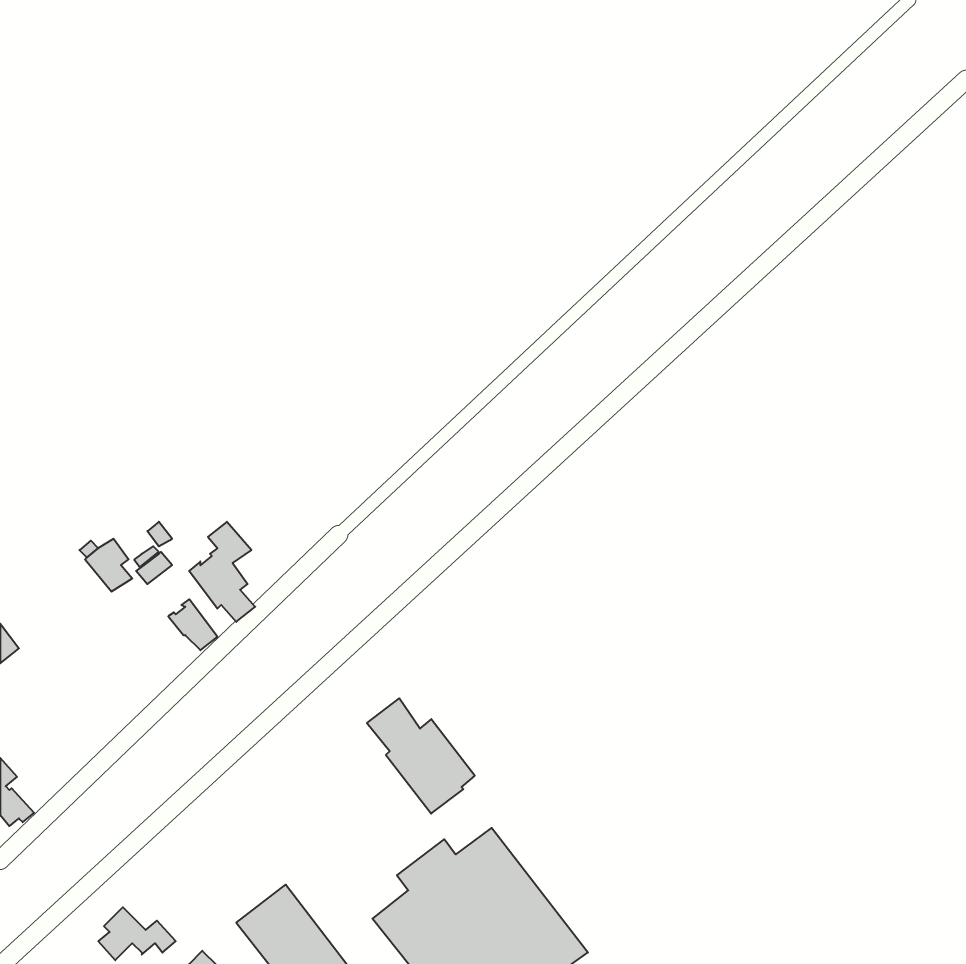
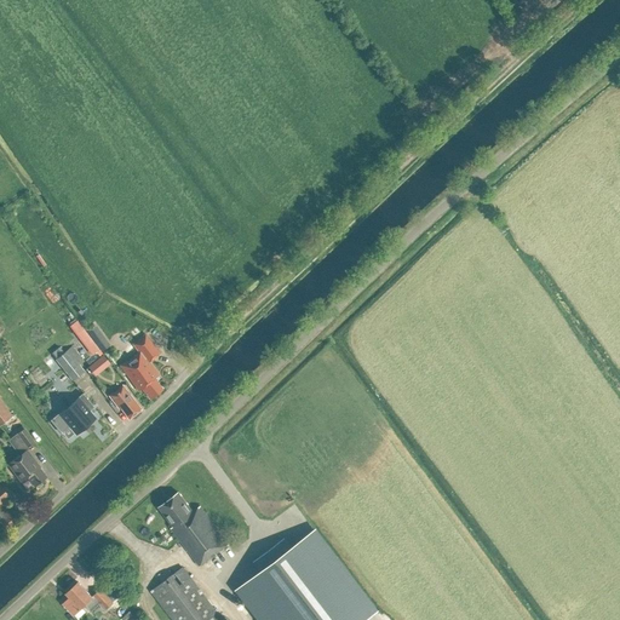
building: none -> [52,396,94,435]
building: none -> [7,429,46,487]
building: [367,698,475,814] -> [159,493,228,567]

